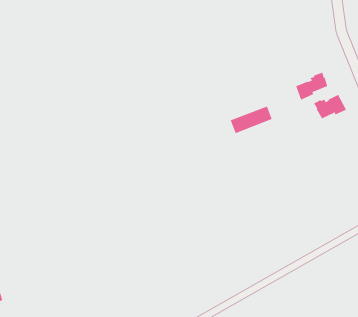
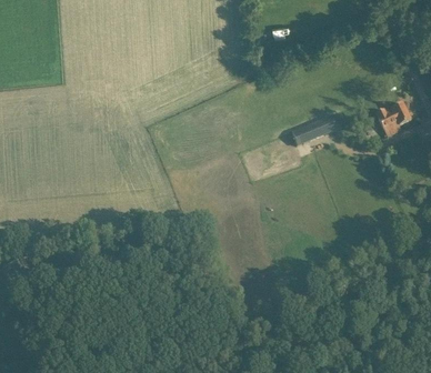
building: [296,72,328,100] -> none

